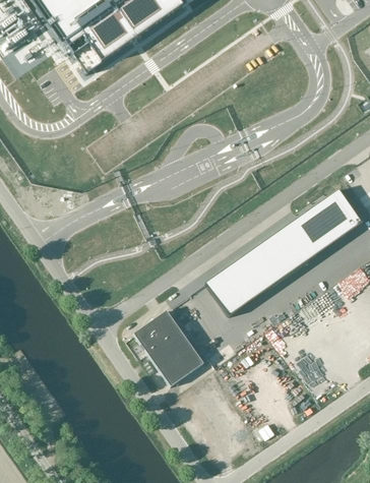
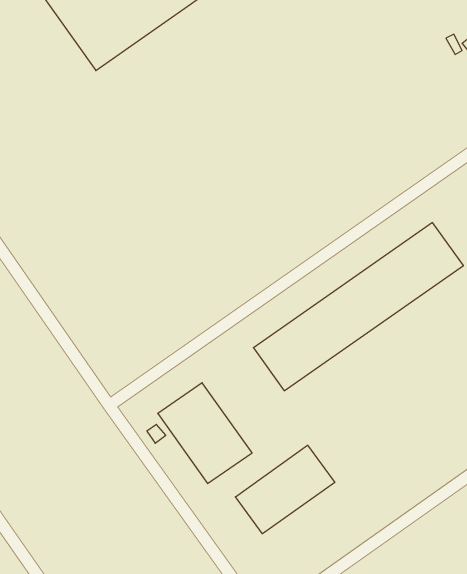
building: none -> [235,445,335,534]

